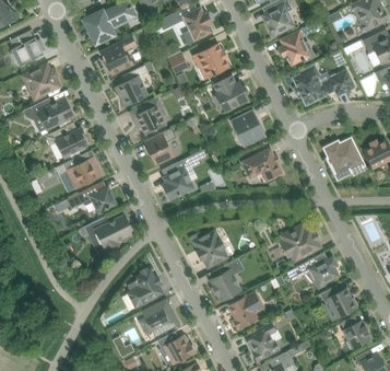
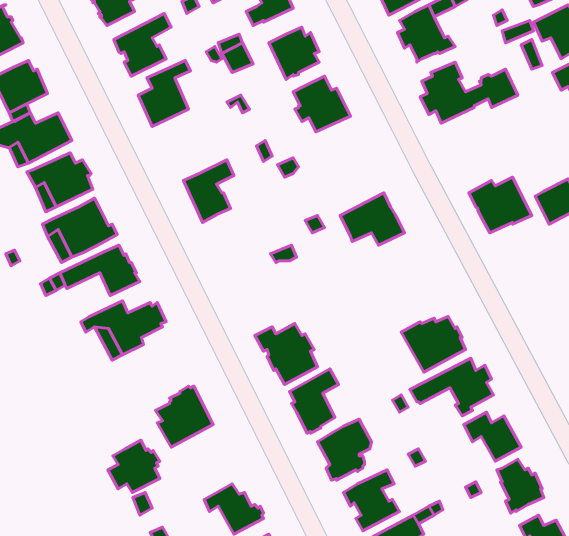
building: [130,98,165,134] -> none
building: [231,109,267,148] -> none
building: [162,149,208,199] -> none
building: [140,302,173,335] -> [108,440,160,492]

